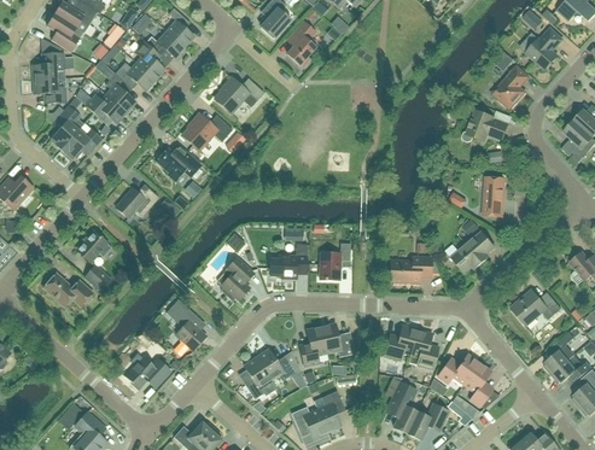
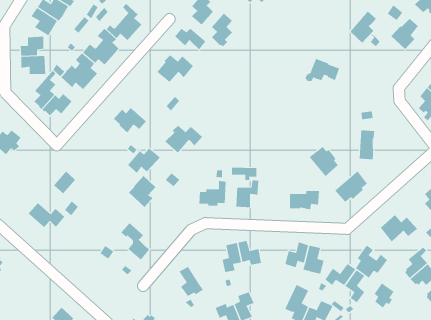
building: none -> [175,28,206,50]
building: [492,65,529,109] -> [350,11,377,43]
building: [461,110,508,141] -> [305,58,340,82]
building: [181,113,232,151] -> [165,125,203,153]
building: [115,183,159,218] -> [127,147,161,174]
building: none -> [309,146,339,177]
building: [216,257,253,300] -> [128,175,156,208]
building: none -> [355,245,388,279]
building: [256,349,301,380] -> none
building: [126,357,170,387] -> none
building: none -> [374,283,394,308]

